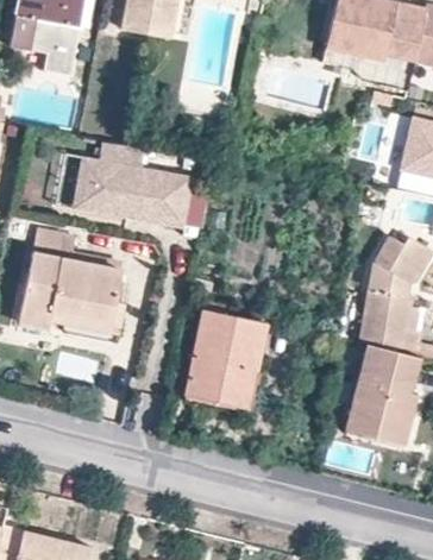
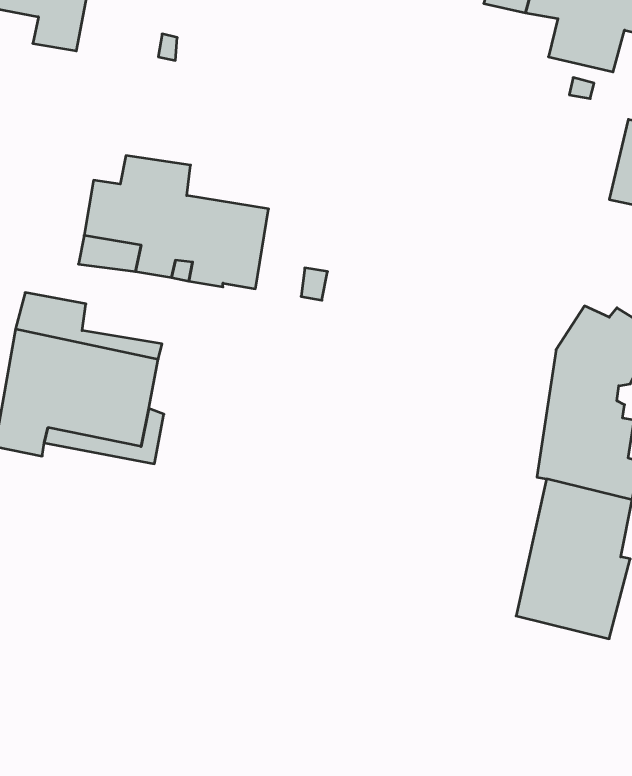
building: [184,308,268,409] -> none

